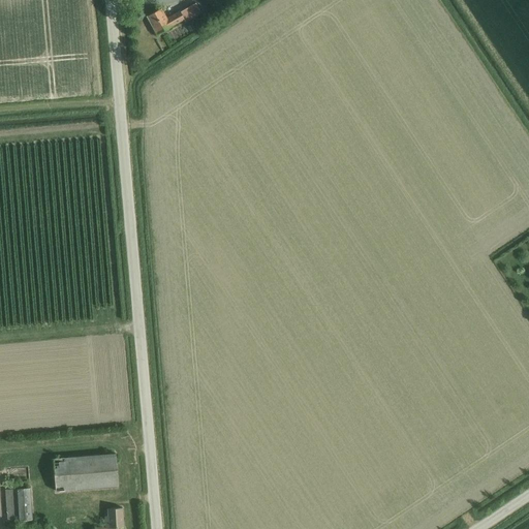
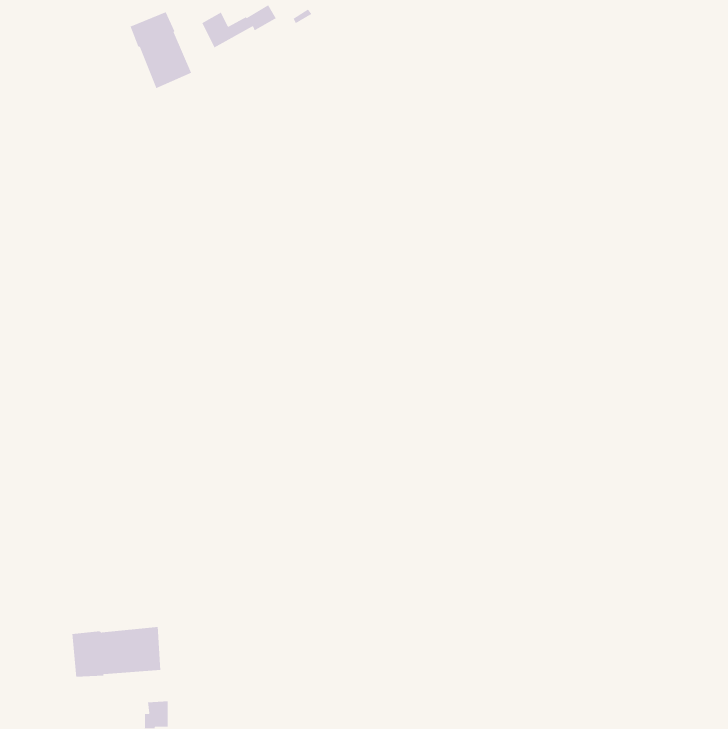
building: none -> [129,11,192,89]
building: [4,488,32,521] -> none

